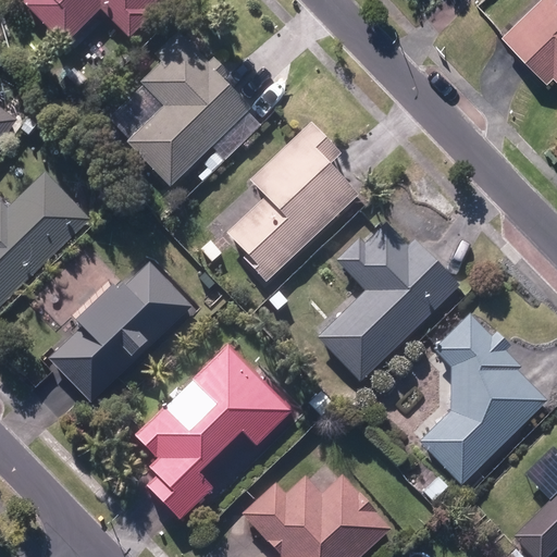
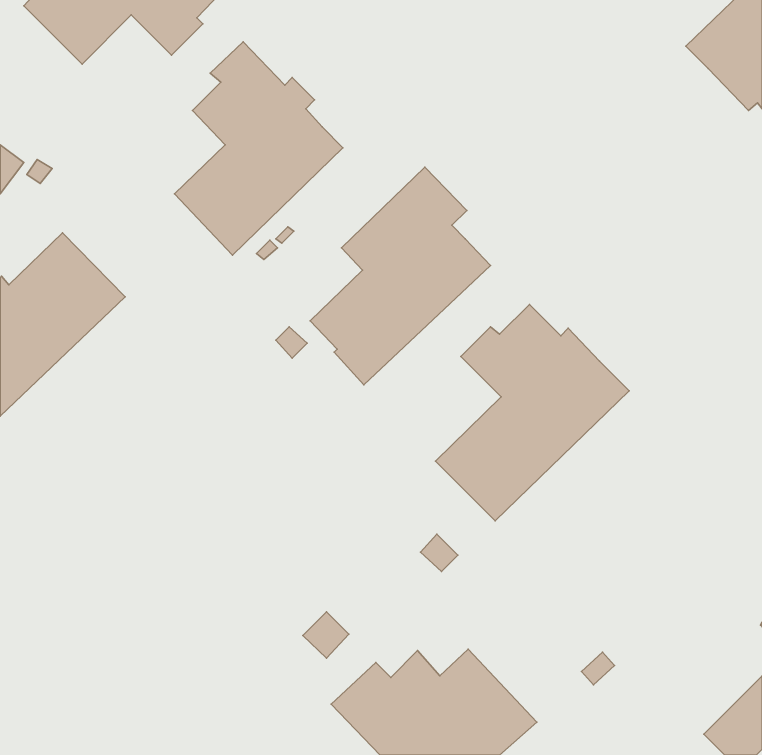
building: [50,259,193,400] -> none
building: [419,314,546,484] -> none
building: [136,345,292,522] -> none

